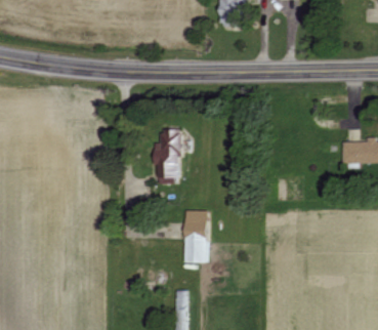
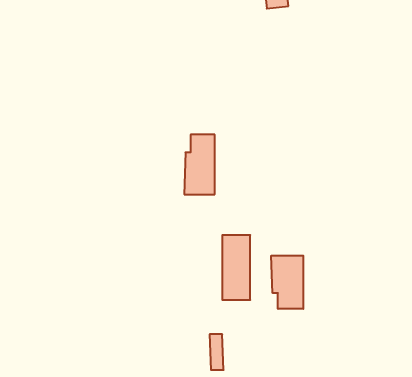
building: none -> [271,256,303,309]

